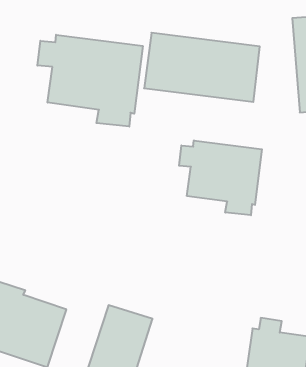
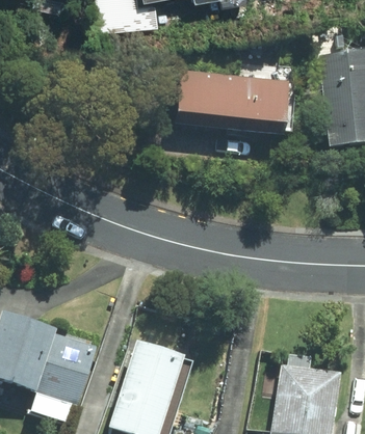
building: [37,35,143,127] -> none
building: [179,140,262,215] -> none

